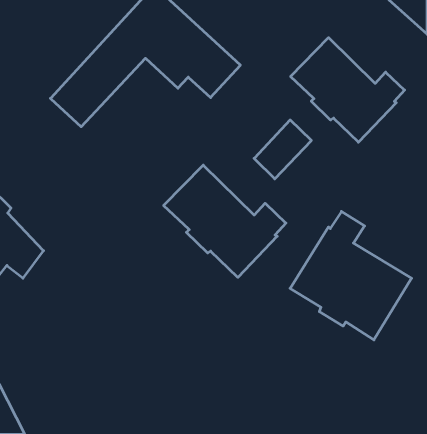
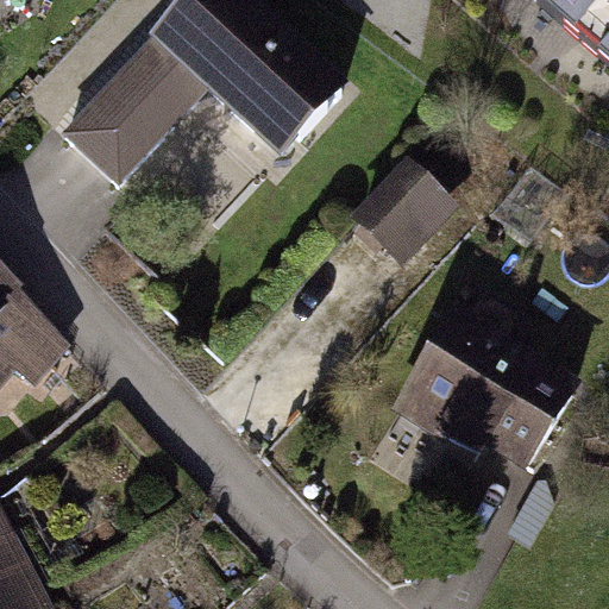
building: [291,38,405,142] -> none
building: [164,165,286,277] -> none

